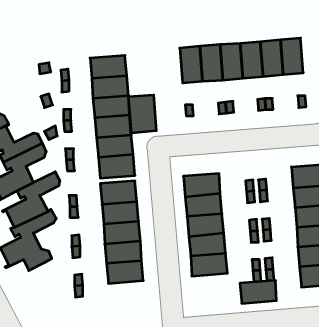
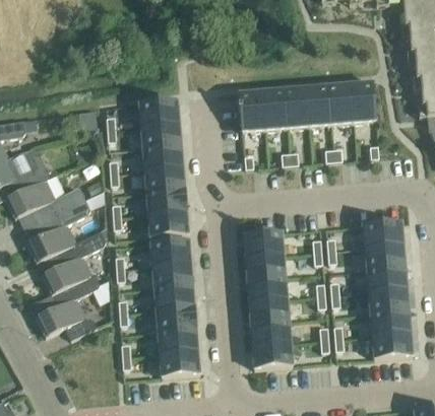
building: [129,95,156,133] -> none
building: [240,281,276,303] -> [252,343,293,368]
building: none -> [160,351,200,376]

